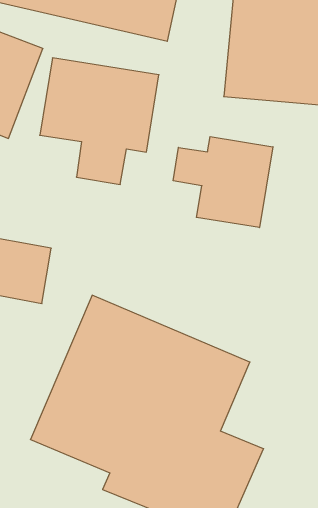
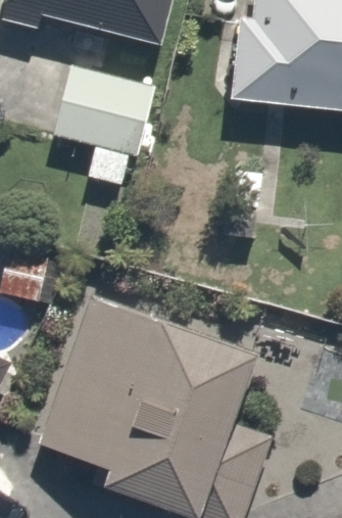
building: [173,137,273,228] -> none

